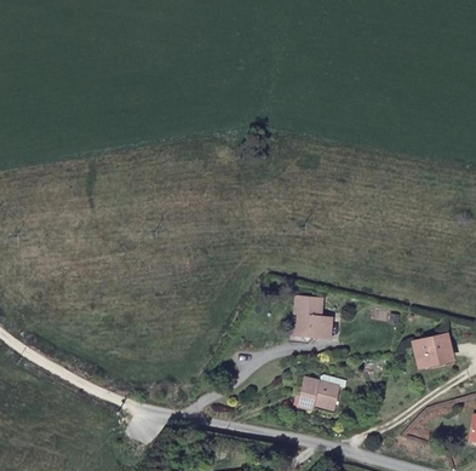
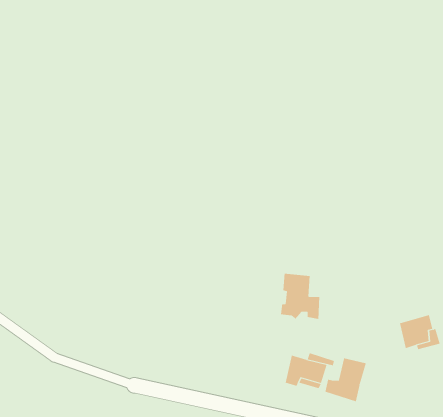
building: none -> [325,358,367,402]

